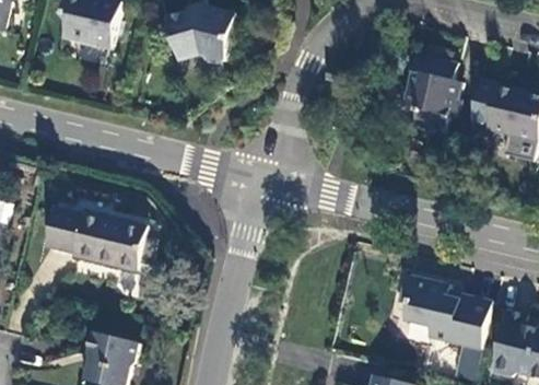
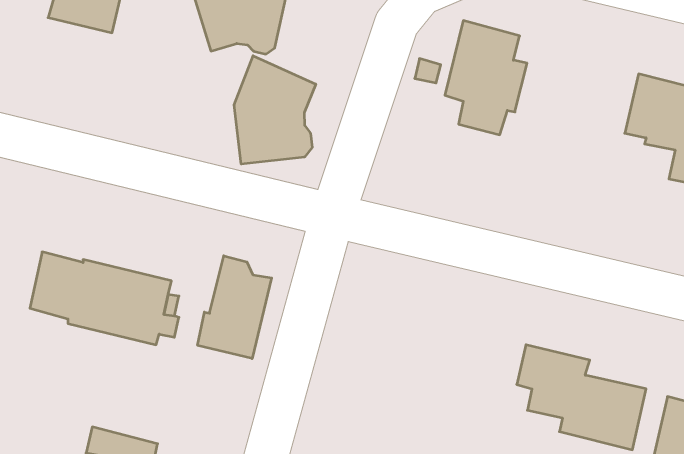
building: [405,50,464,132] -> [445,21,527,135]
building: none -> [234,56,316,164]
building: none -> [198,256,272,359]

